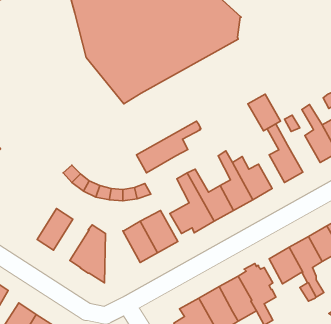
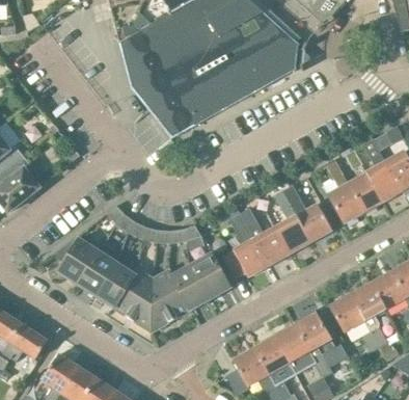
building: [248,94,281,131] -> [348,171,383,211]
building: [137,121,201,173] -> none
building: none -> [57,237,99,284]
building: none -> [96,262,134,306]
building: none -> [151,269,189,330]

